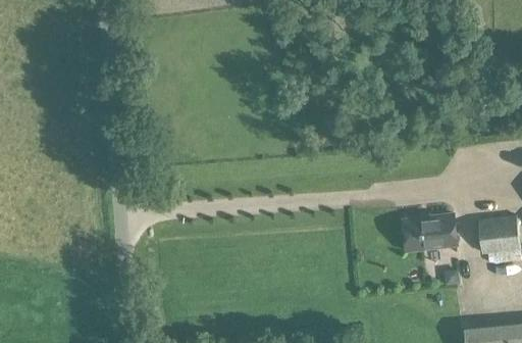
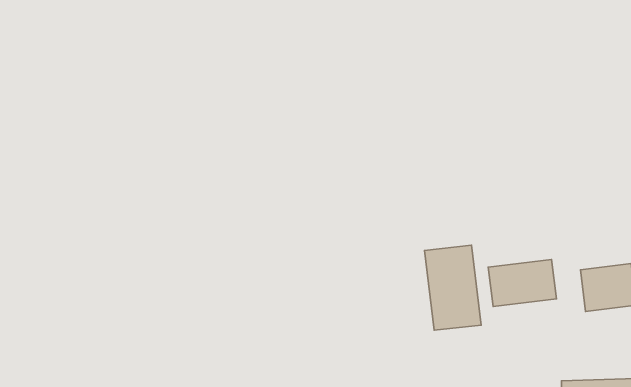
building: none -> [425,245,481,330]

